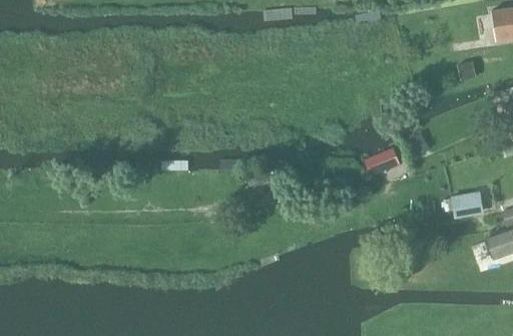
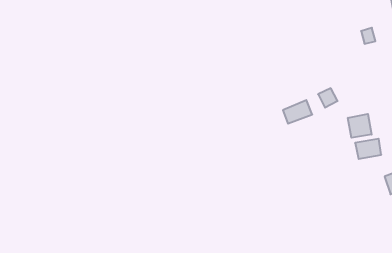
building: none -> [348,114,372,138]

